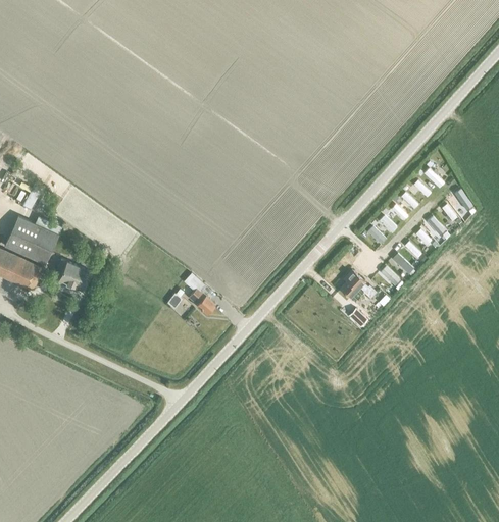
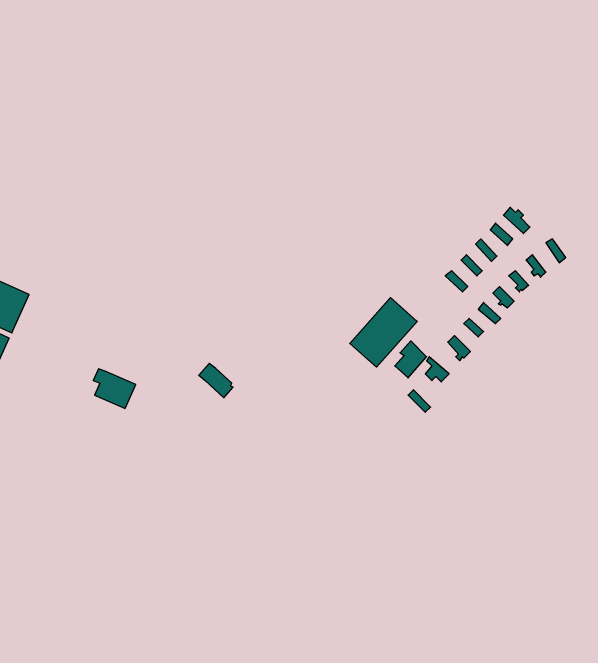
building: none -> [350,298,417,367]
building: [57,259,90,290] -> [93,369,136,408]

